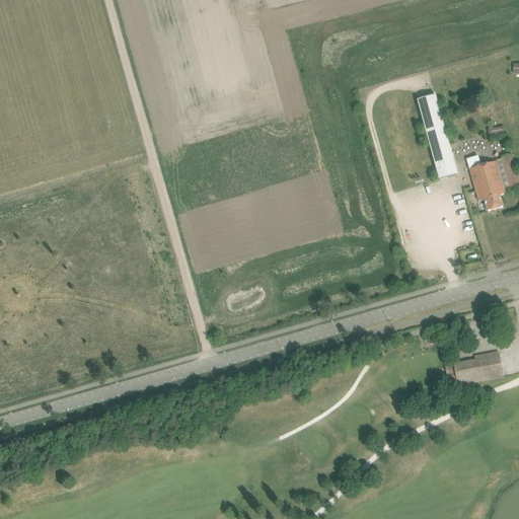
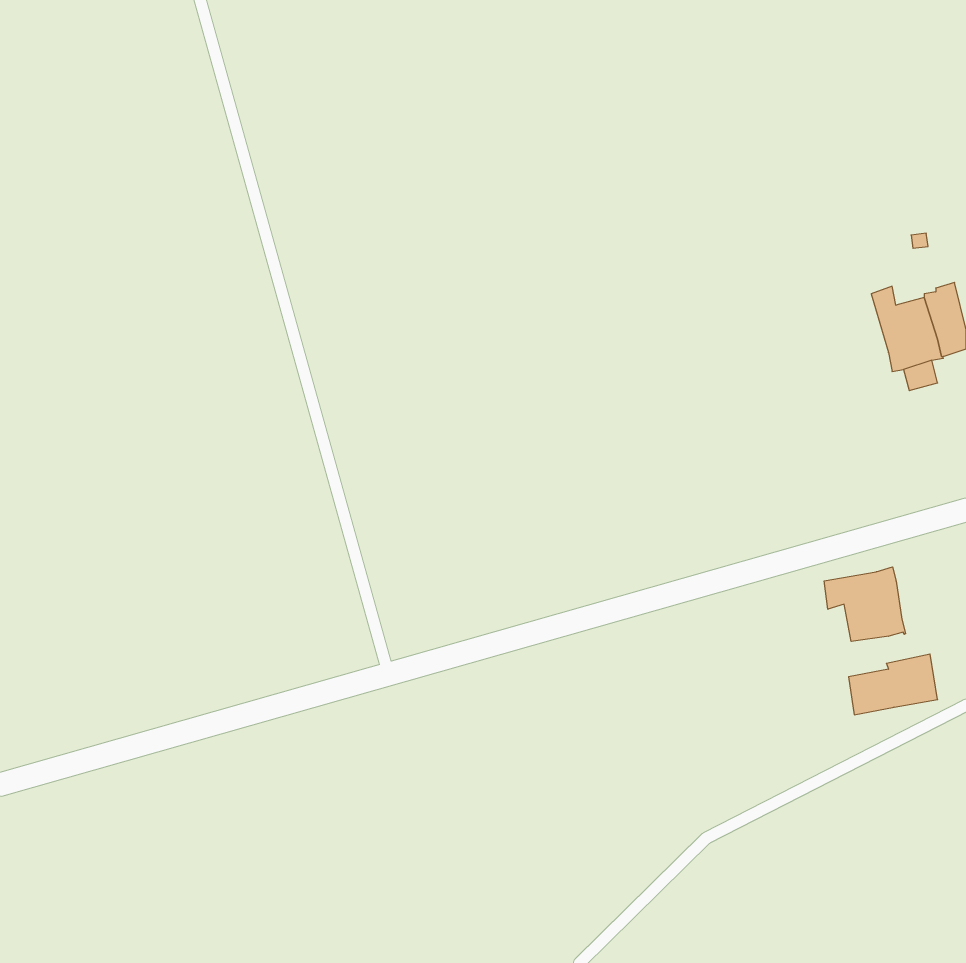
building: [417,92,456,177] -> none
building: none -> [824,567,906,641]

